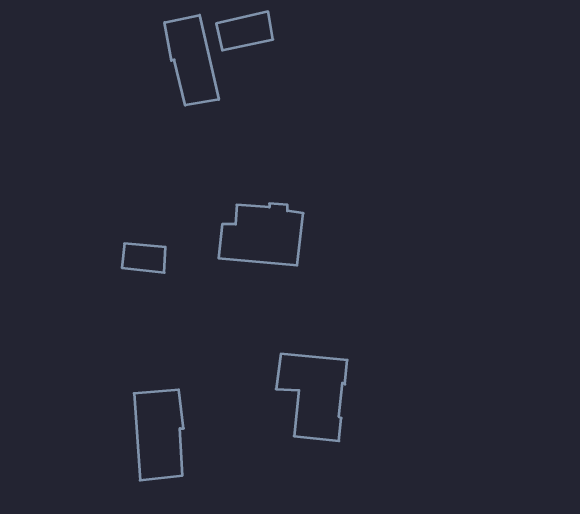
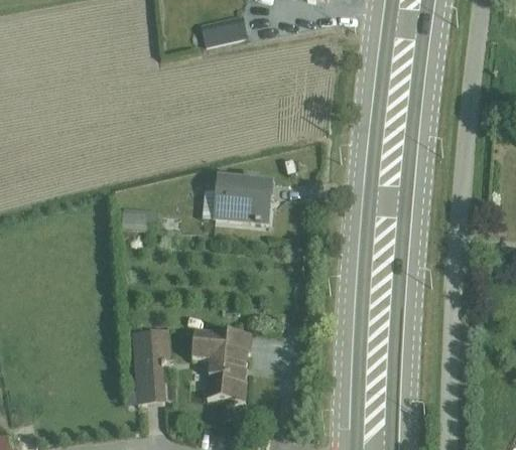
building: [165,15,219,105] -> none
building: [276,354,347,441] -> [190,329,250,402]

